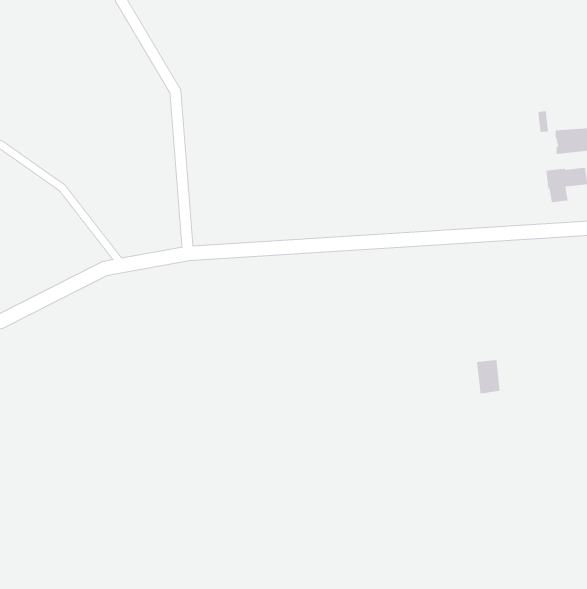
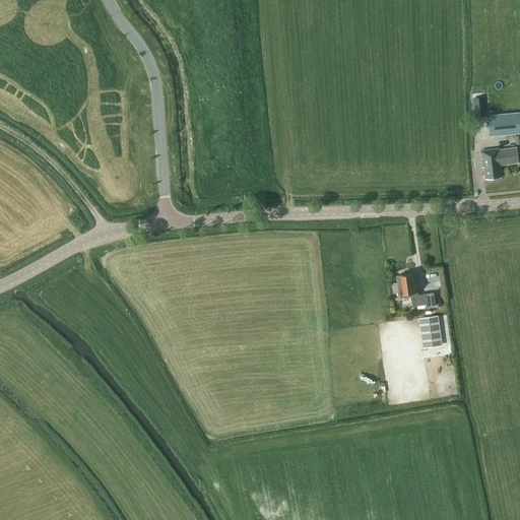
building: none -> [394,273,437,308]

